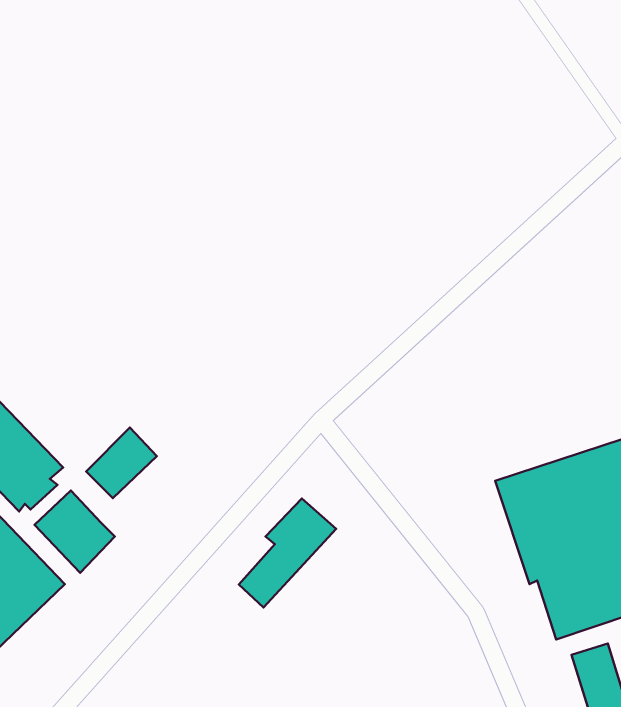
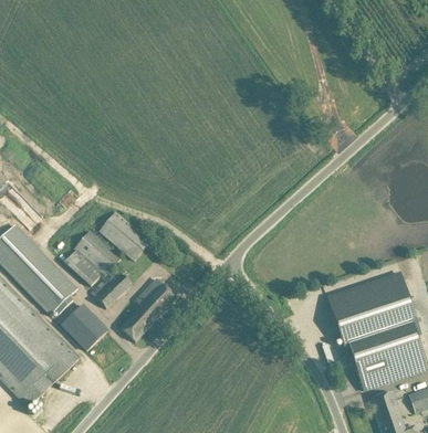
building: none -> [98,211,150,260]
building: none -> [64,230,121,286]
building: [239,498,336,607] -> [121,278,177,341]

